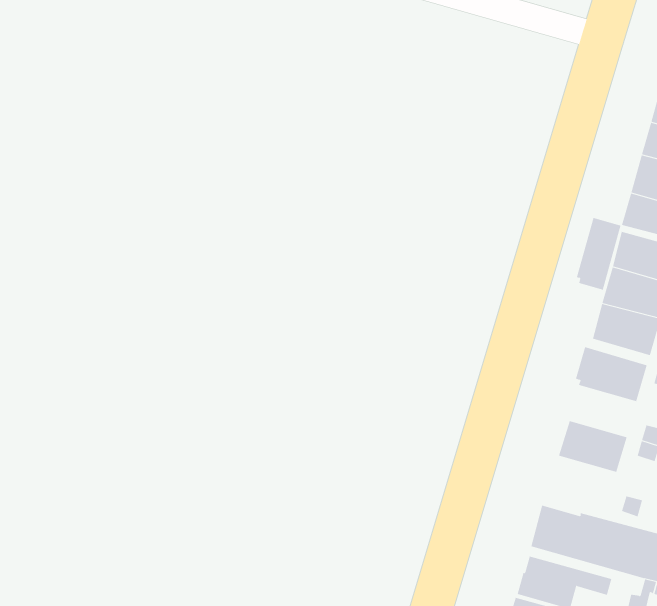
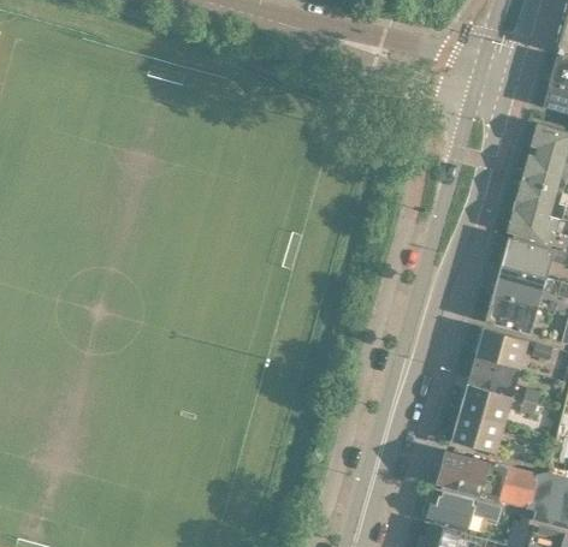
building: [576,217,621,291] -> none
building: none -> [467,357,520,398]
building: none -> [451,412,504,453]

